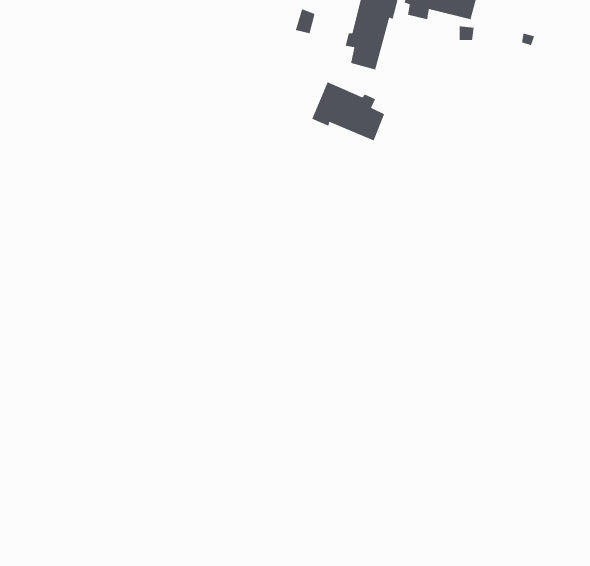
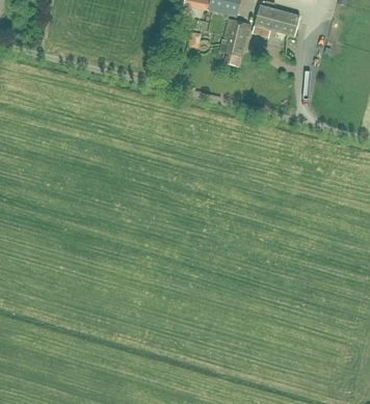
building: [311,81,385,141] -> none

